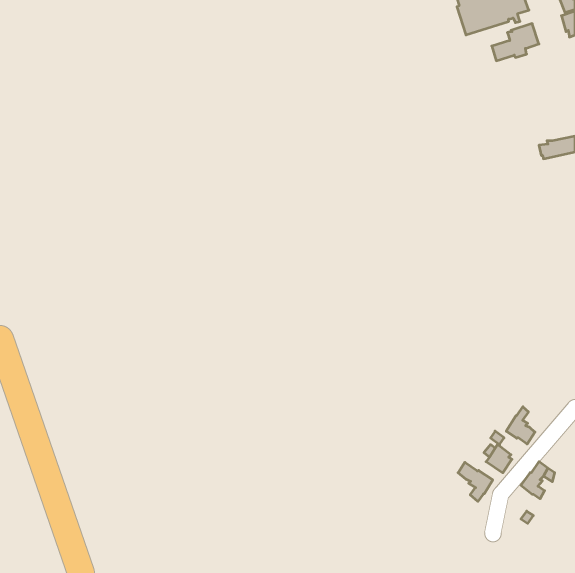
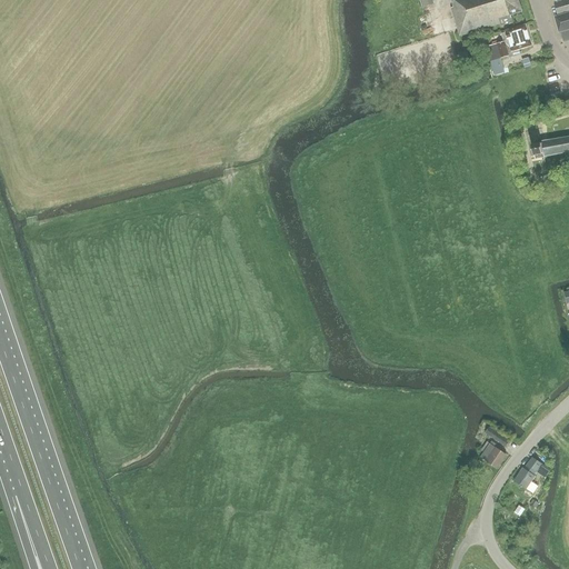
building: [506,407,535,444] -> none
building: [458,462,493,501] -> none

